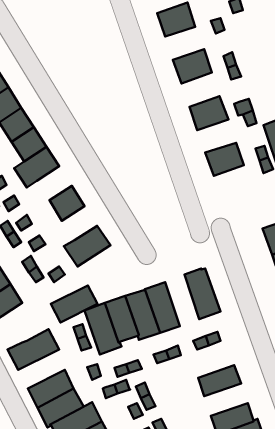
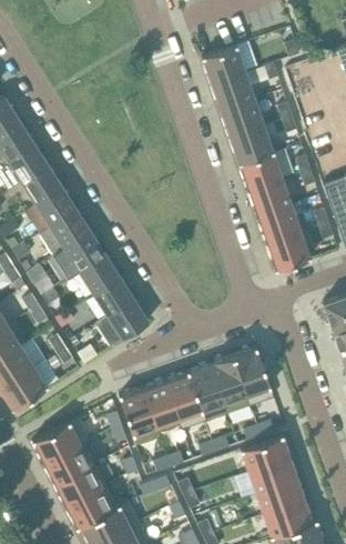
building: none -> [211,72,255,110]
building: none -> [230,124,273,163]
building: none -> [247,178,292,215]
building: none -> [266,230,311,270]
building: none -> [53,231,104,278]
building: none -> [93,276,133,315]
building: none -> [211,354,250,413]
building: [51,285,97,322] -> [43,442,96,484]
building: none -> [241,434,289,472]
building: none -> [255,478,305,515]

